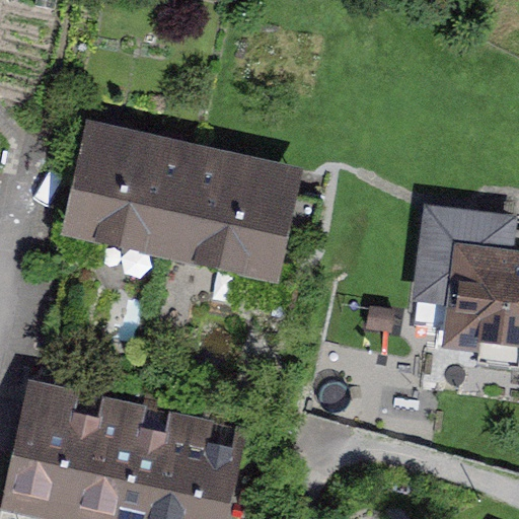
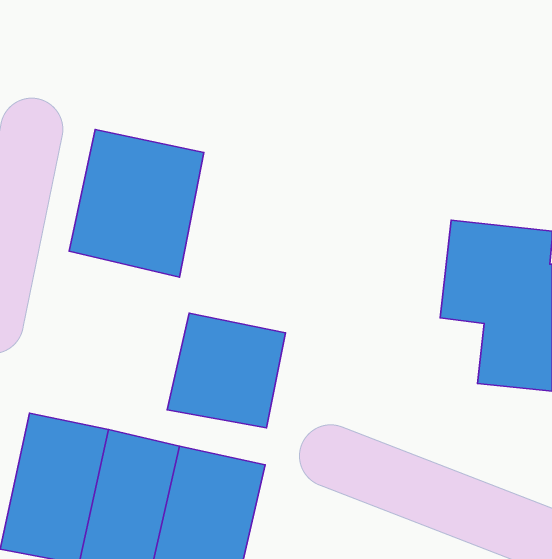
building: [166,142,308,281] -> none
building: none -> [167,313,285,428]

